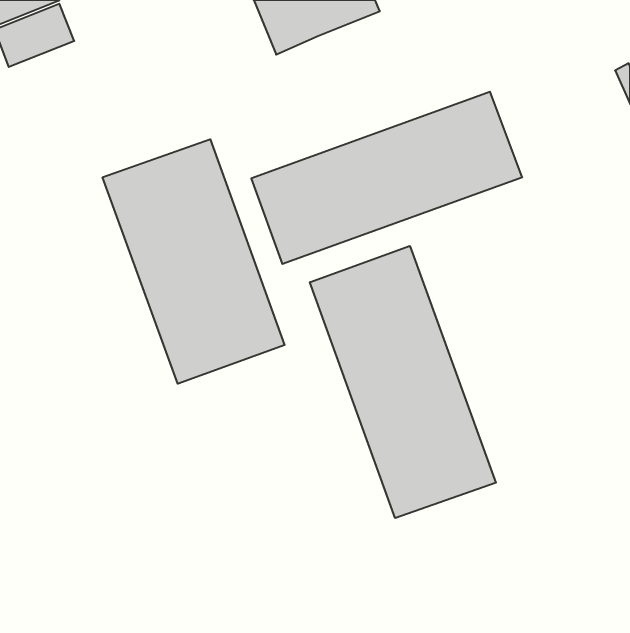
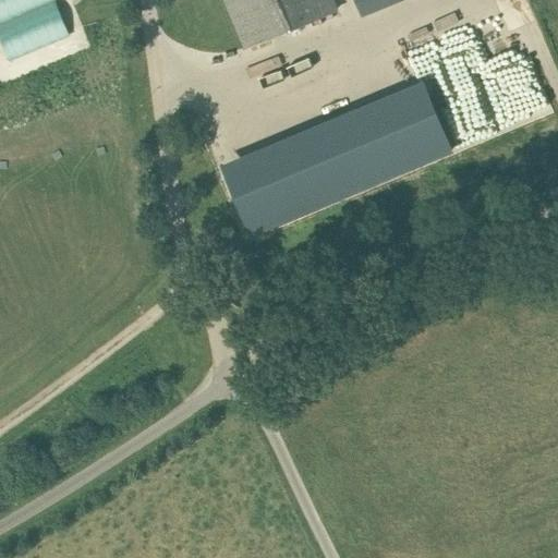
building: [103,139,285,384] -> none
building: [310,246,496,518] -> none

